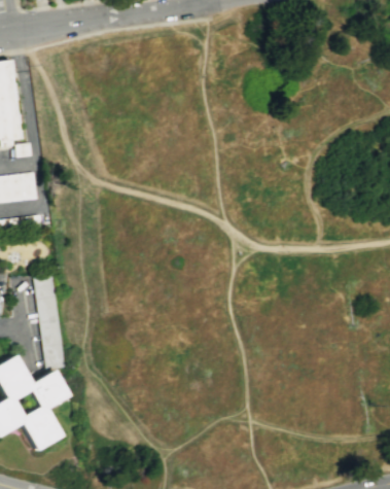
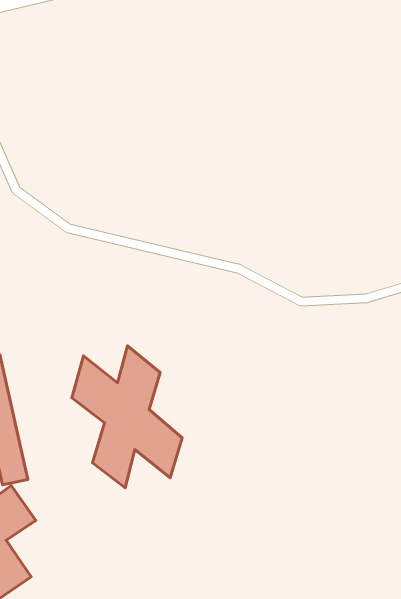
building: none -> [72,346,182,488]

